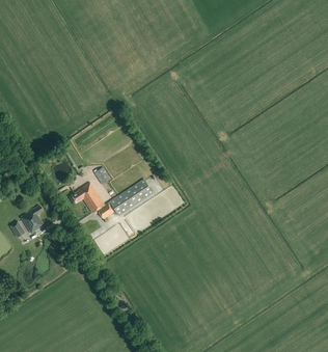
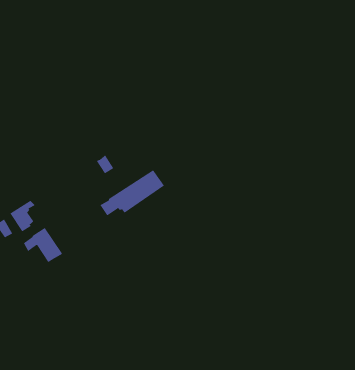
building: [72,183,105,213] -> [23,227,62,263]

